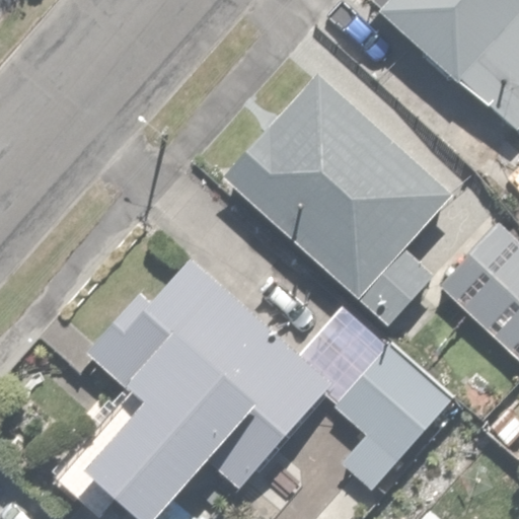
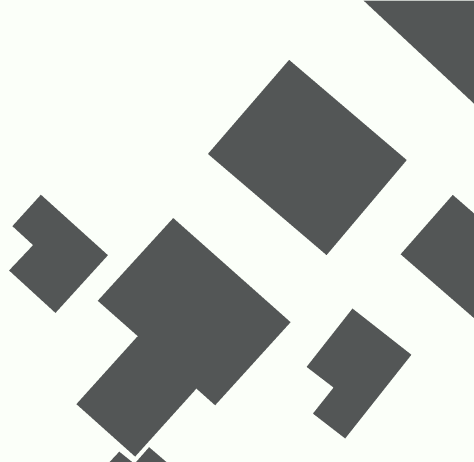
building: none -> [8,194,109,314]

